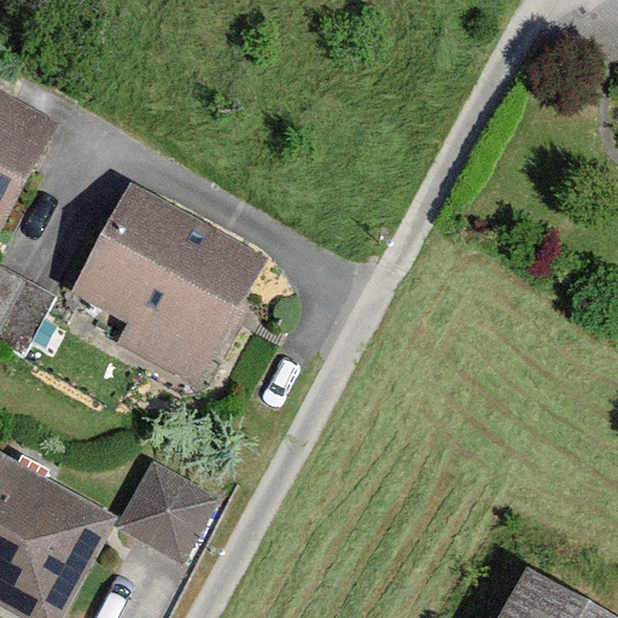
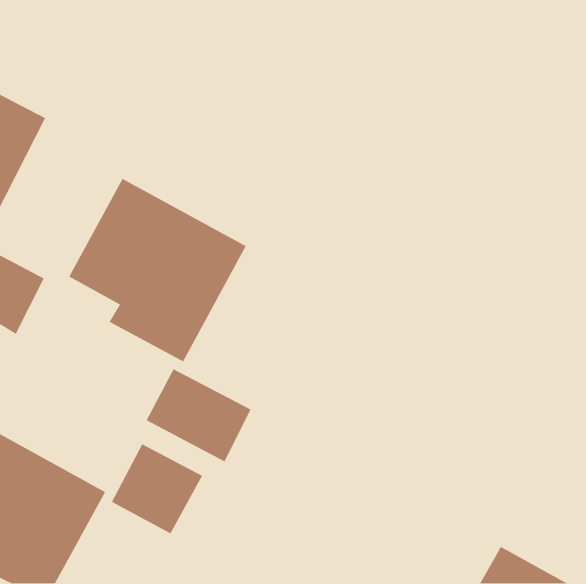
building: none -> [146,368,252,463]

